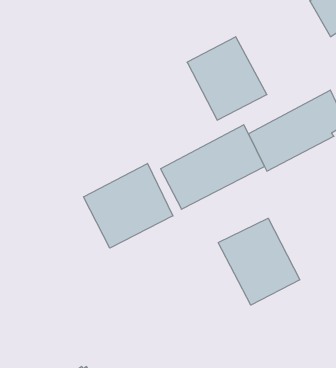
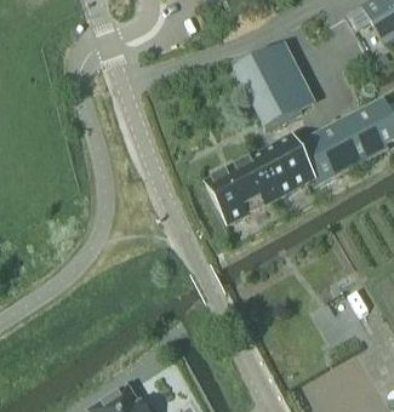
building: [84,163,173,248] -> none
building: [218,218,300,305] -> none

